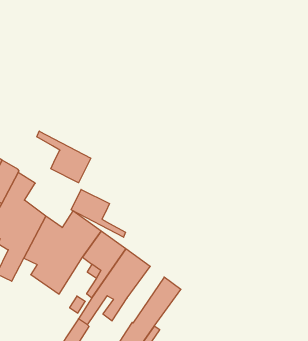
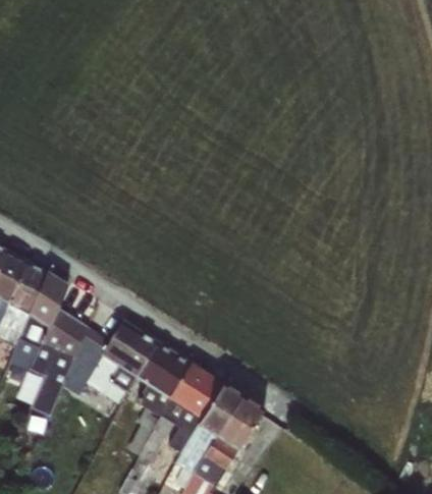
building: [37,131,91,183] -> none
building: [71,189,125,237] -> none
building: none -> [183,382,239,475]

